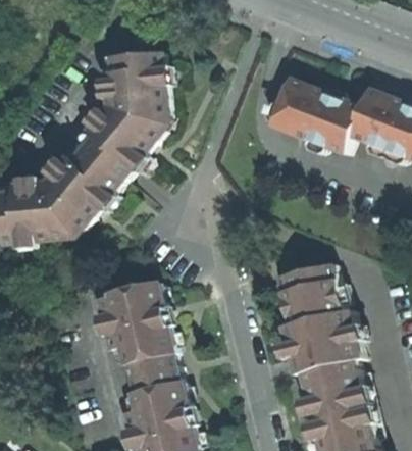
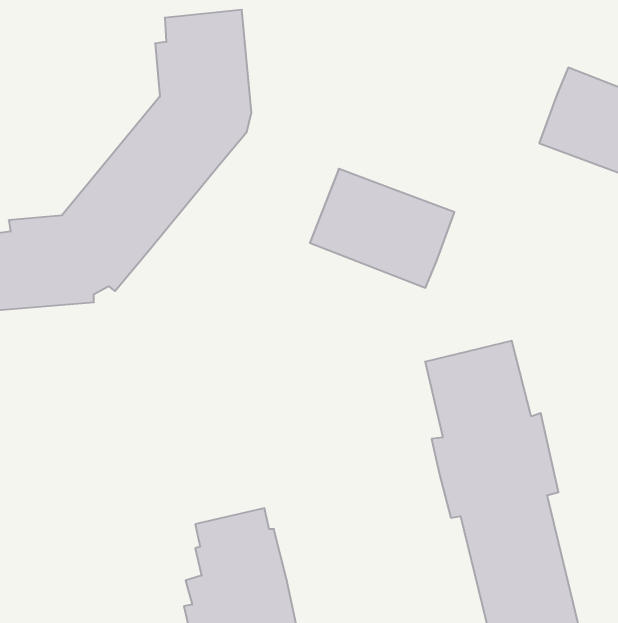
building: [268,78,360,153] -> [310,169,454,288]
building: [97,281,174,378] -> none

